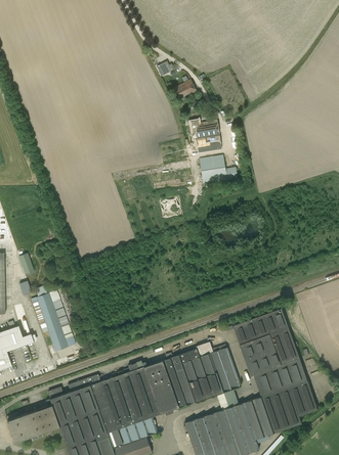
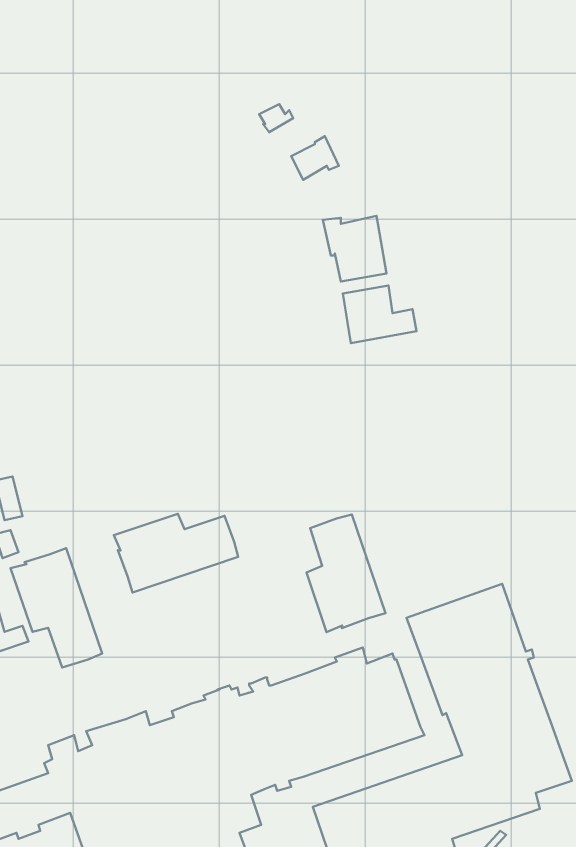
building: none -> [114,514,238,593]
building: none -> [306,514,385,632]

